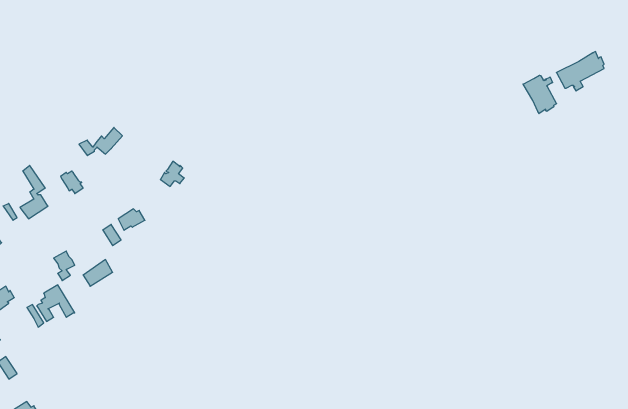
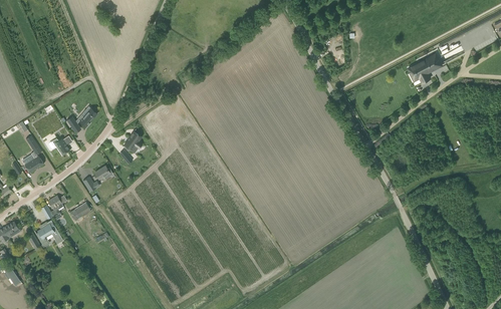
building: [523,75,557,114] -> none

